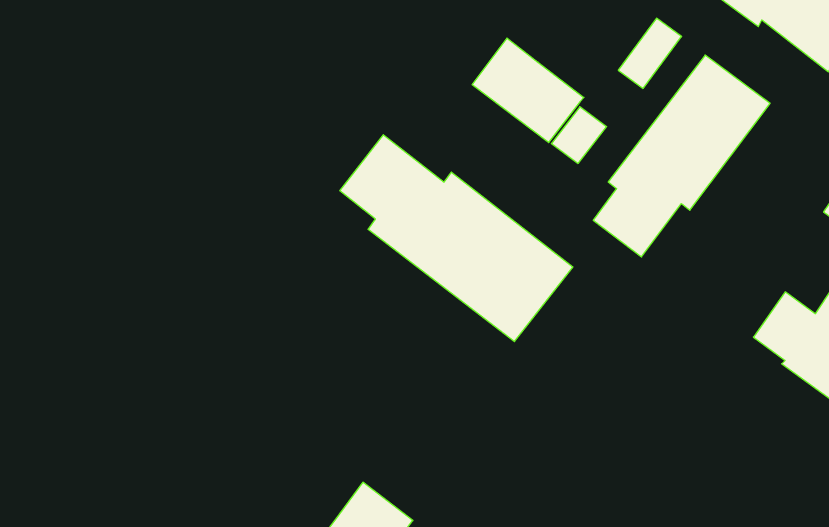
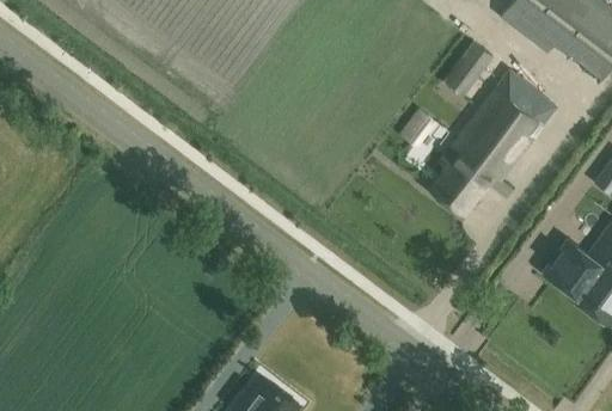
building: [472,38,584,143] -> none
building: [340,135,573,342] -> none

